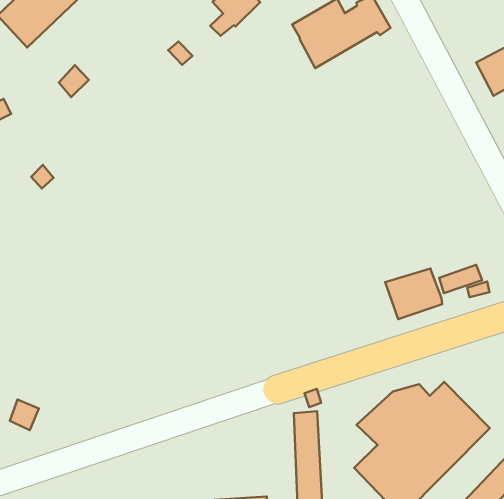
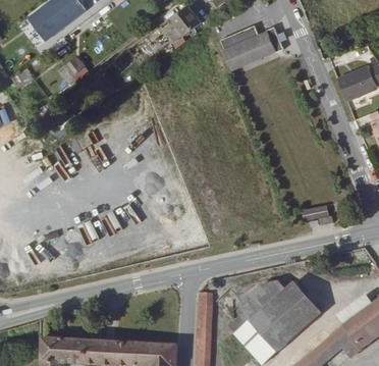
building: [385,268,442,319] -> none

